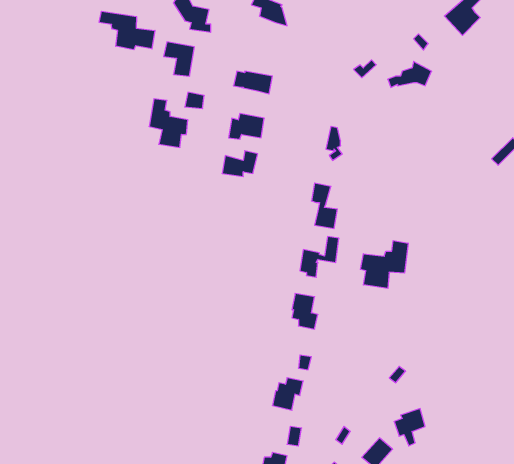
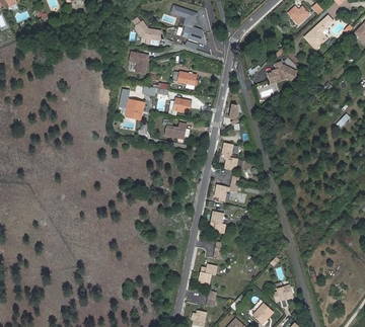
building: [99,11,155,50] -> none
building: [360,241,408,288] -> none

